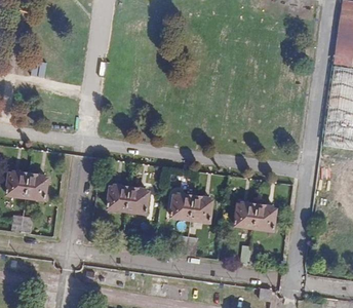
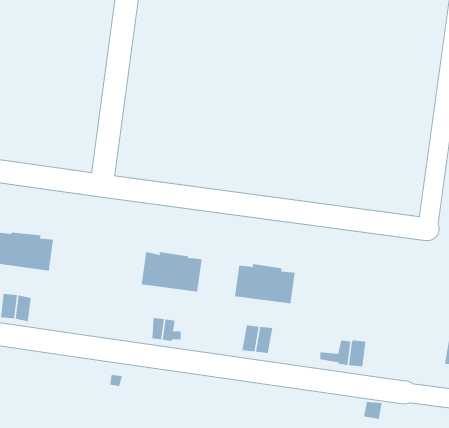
building: [234,203,275,231] -> none

